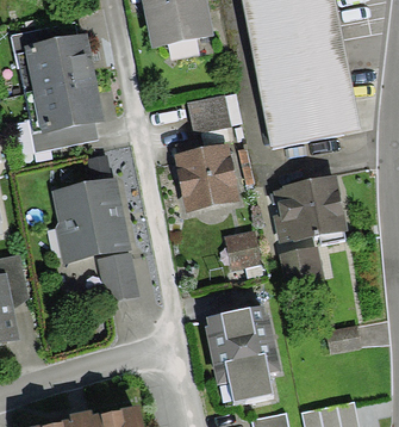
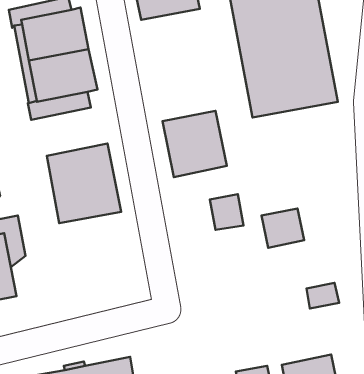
building: [187,95,230,135] -> none
building: [272,175,347,245] -> none
building: [95,252,139,304] -> none
building: [204,305,280,403] -> none

